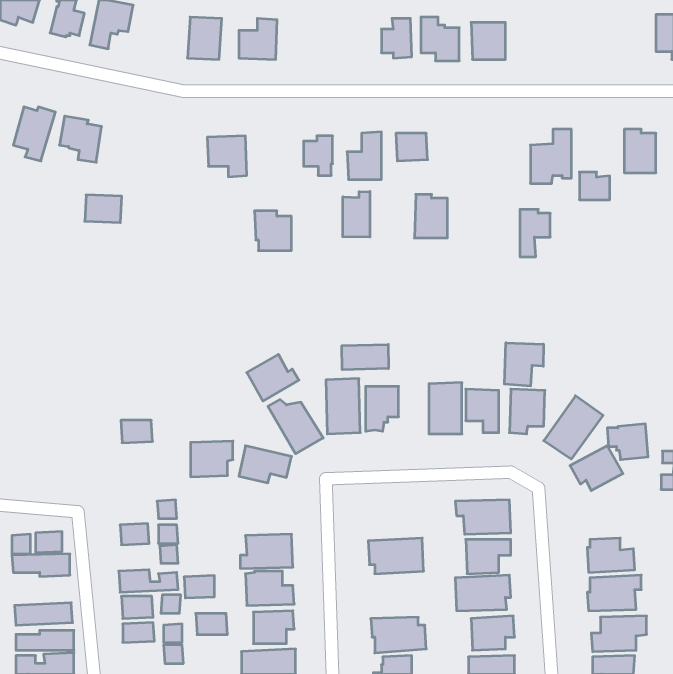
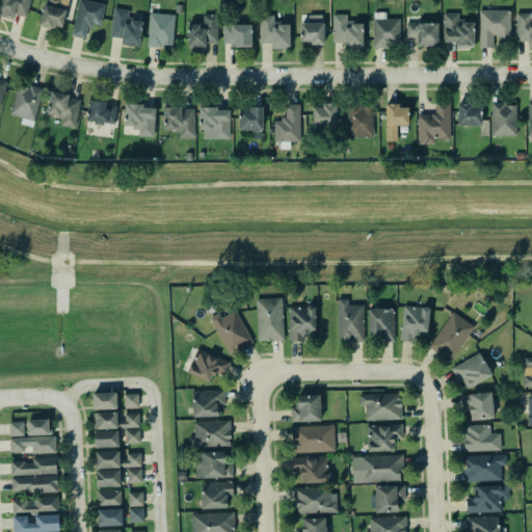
building: none -> [110,7,144,47]
building: none -> [480,10,512,48]
building: none -> [444,14,475,48]
building: none -> [260,17,291,49]
building: none -> [407,23,440,48]
building: none -> [223,24,254,47]
building: none -> [125,103,157,138]
building: [579,172,610,200] -> [459,104,483,126]
building: [343,191,370,237] -> none
building: [414,194,447,238] -> [347,102,373,136]
building: [85,195,122,223] -> [88,102,117,124]
building: [520,209,550,257] -> [387,104,410,141]
building: [254,211,291,251] -> [201,107,230,138]
building: [504,343,543,386] -> none
building: [342,344,388,370] -> none
building: [247,354,299,401] -> none
building: [121,420,153,443] -> [94,393,118,410]
building: [607,424,648,460] -> [461,391,494,419]
building: [191,441,233,477] -> [191,388,224,416]
building: none -> [292,395,322,422]
building: [184,576,214,598] -> [96,430,119,448]
building: none -> [10,456,56,475]
building: none -> [294,456,330,483]
building: [196,613,227,635] -> [99,509,124,526]

